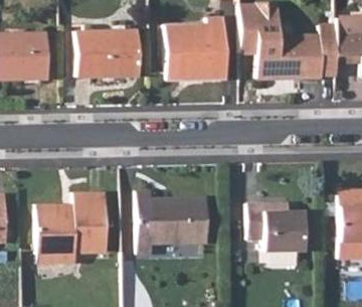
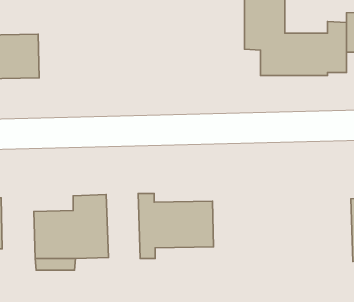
building: [163,20,223,81] -> none
building: [73,33,135,79] -> none
building: [250,200,307,249] -> none

